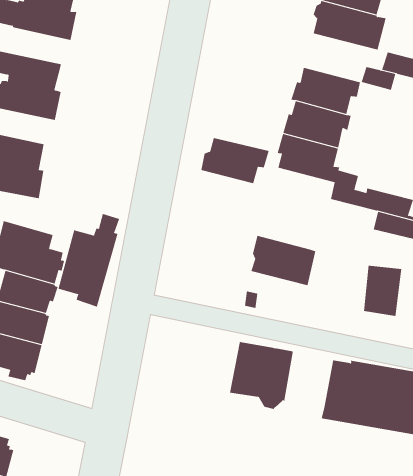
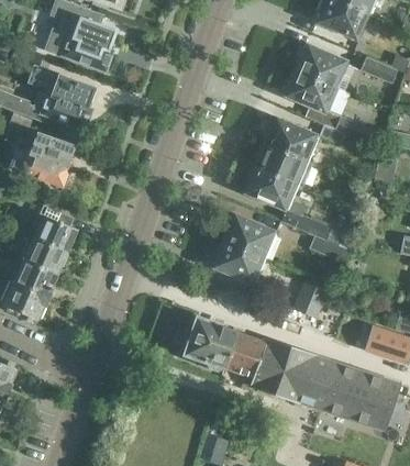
building: [201,137,269,184] -> [222,215,276,255]
building: [58,213,120,307] -> none
building: none -> [224,331,265,376]

